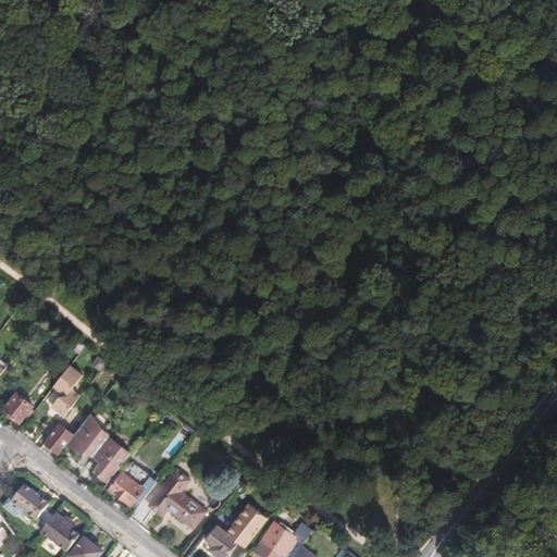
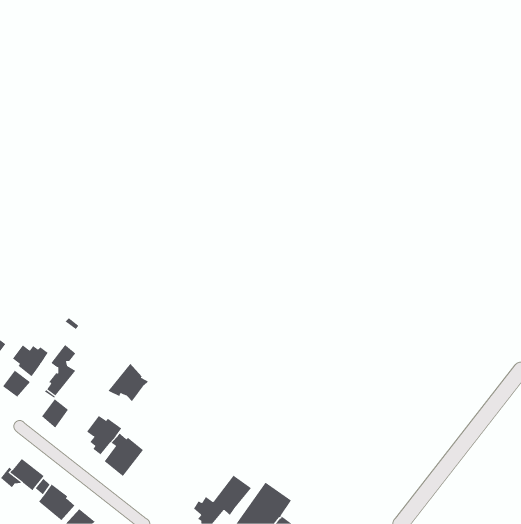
building: none -> [12,344,48,377]
building: [65,416,109,457] -> [108,363,149,402]
building: [149,469,206,528] -> none

